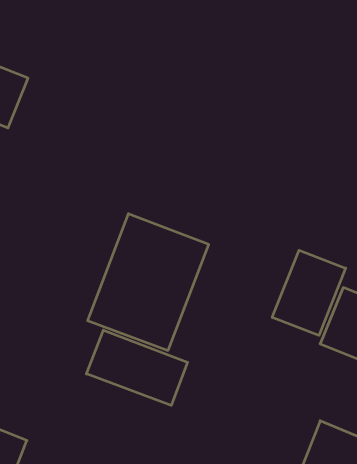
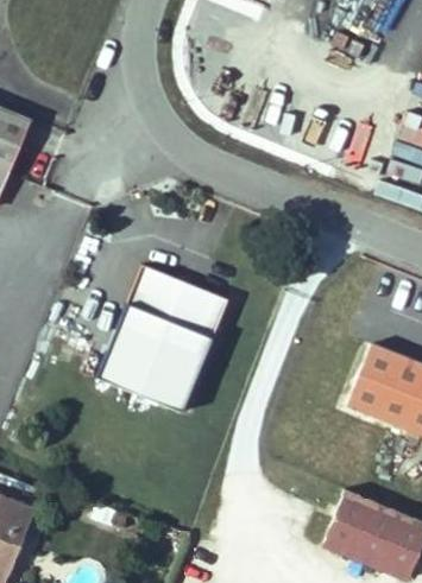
building: [272,250,346,335] -> none
building: [86,330,188,405] -> none

